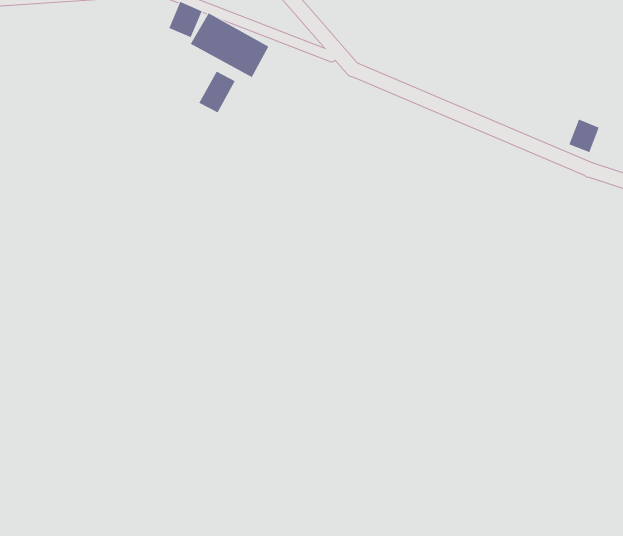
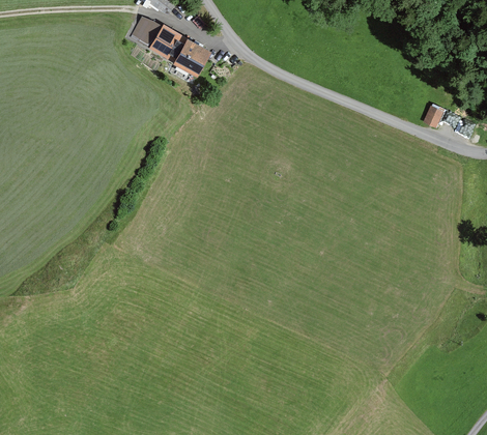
building: [199,71,236,113] -> none

